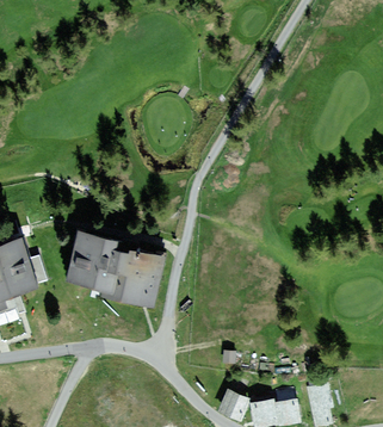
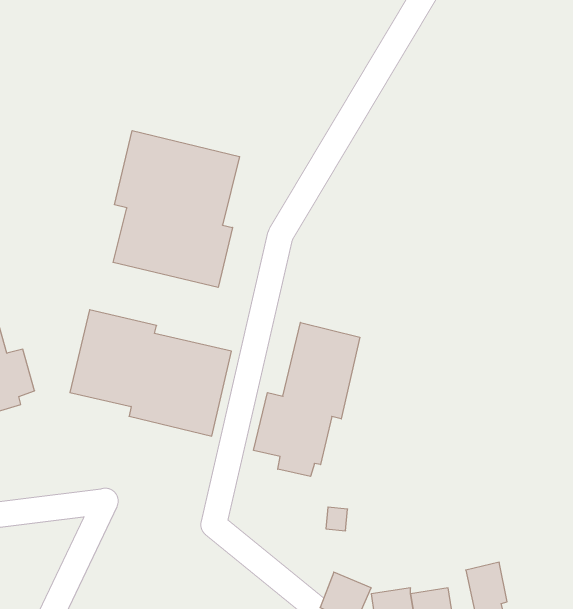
building: none -> [113,131,240,287]
building: none -> [254,322,360,476]

